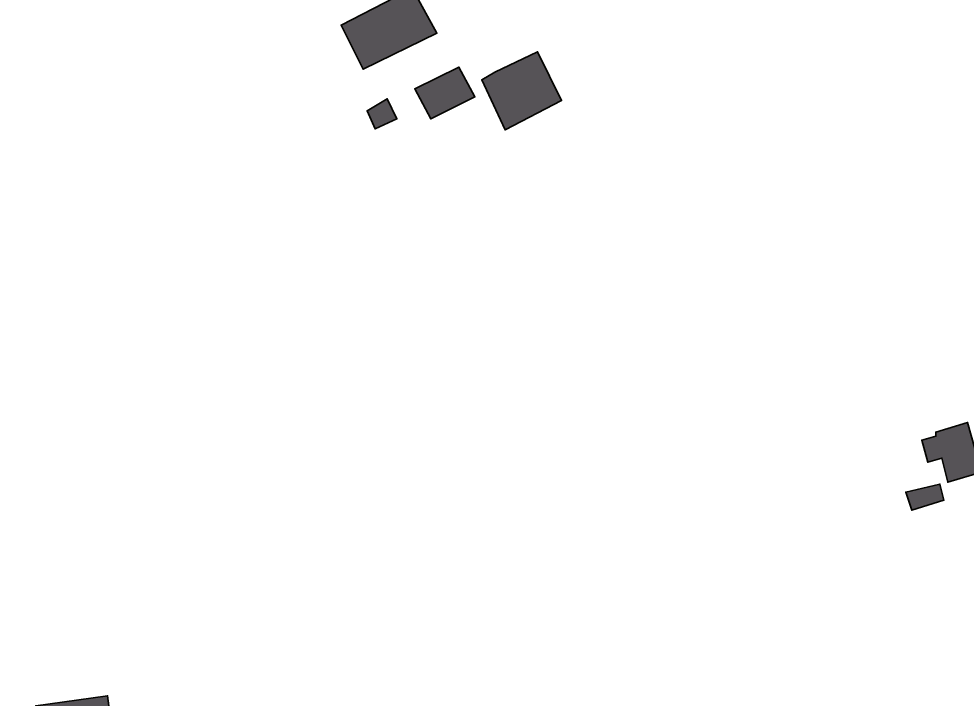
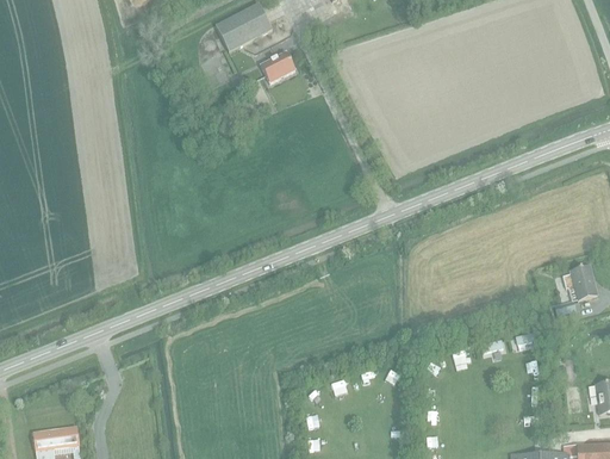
building: [482,52,562,130] -> none

